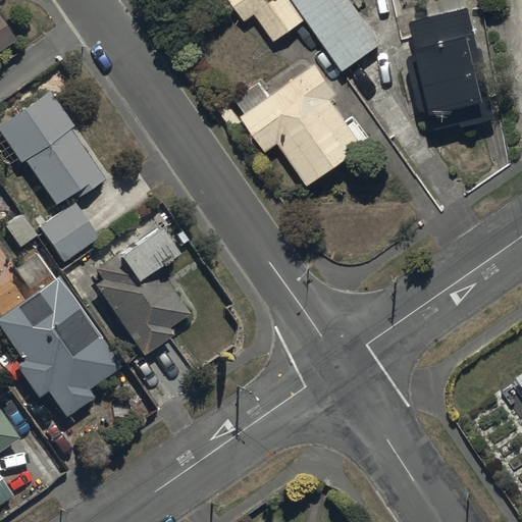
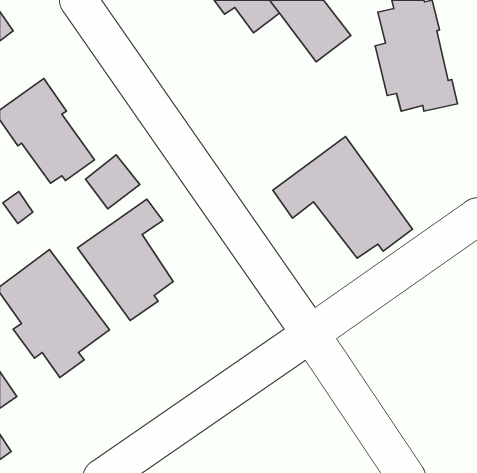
building: [236,62,364,184] -> none
building: none -> [273,137,413,258]
building: [40,204,99,263] -> [85,155,140,209]

